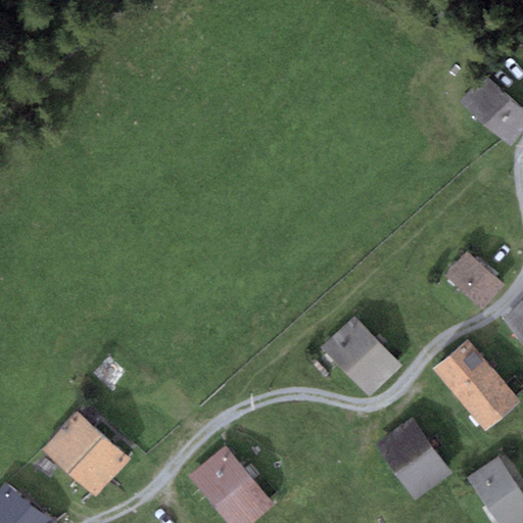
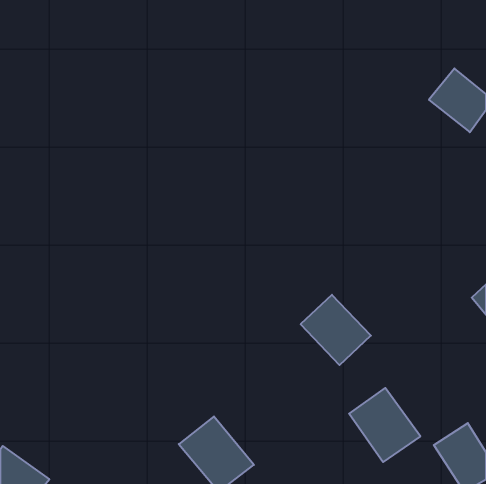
building: [446,251,503,306] -> none
building: [438,346,515,428] -> none
building: [44,413,130,496] -> none

